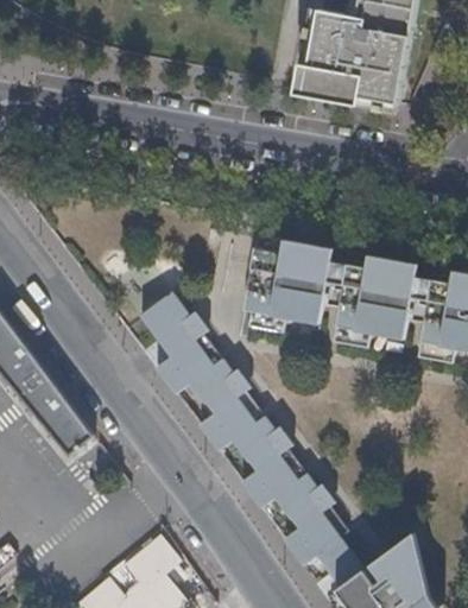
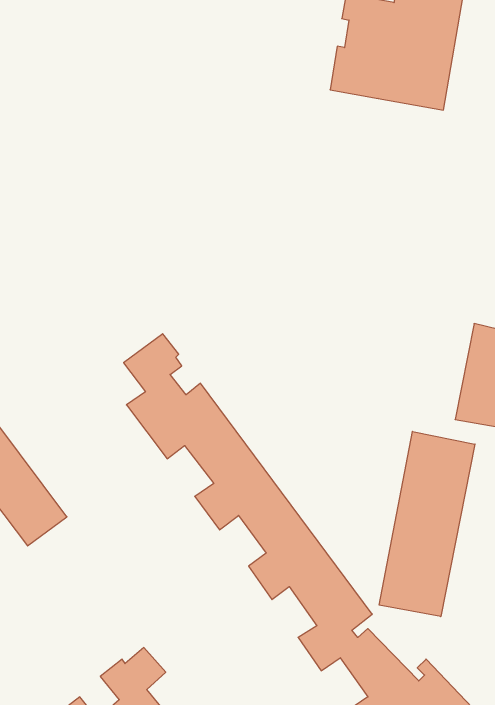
building: [246,240,331,332] -> none
building: [330,255,417,349] -> none
building: none -> [379,431,475,617]

